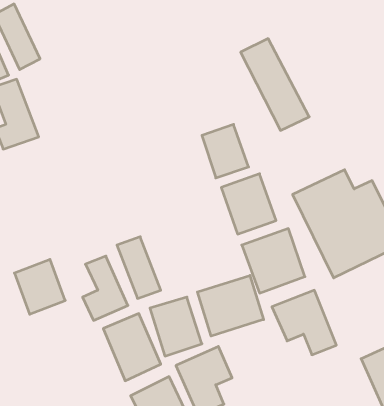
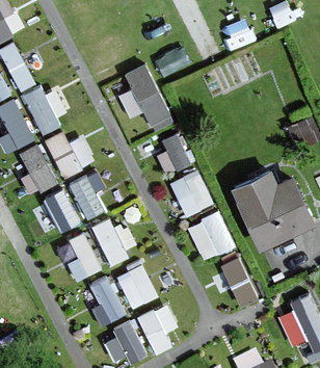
building: [241,39,309,130] -> [123,59,175,129]
building: none -> [22,83,72,129]
building: none -> [51,131,94,172]
building: none -> [15,140,56,188]
building: none -> [69,169,109,217]
building: [14,259,65,314] -> [38,193,77,235]
building: [197,275,264,336] -> none

